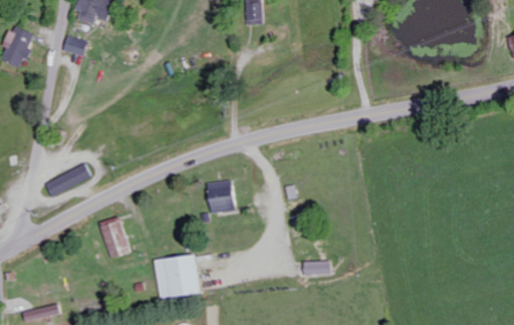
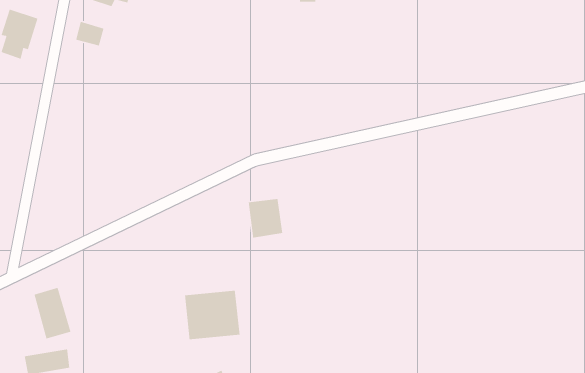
building: [43,165,90,196] -> none
building: [98,217,130,260] -> [34,287,72,339]
building: [302,261,329,276] -> none

